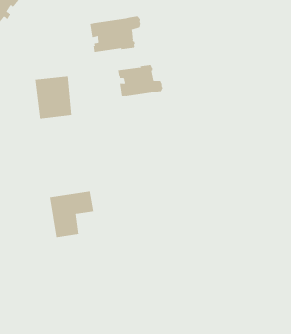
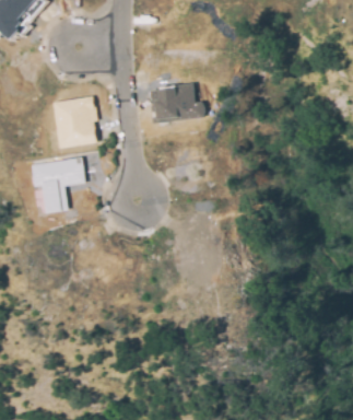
building: [90,16,141,53] -> none
building: [49,191,94,238] -> [32,156,84,211]

